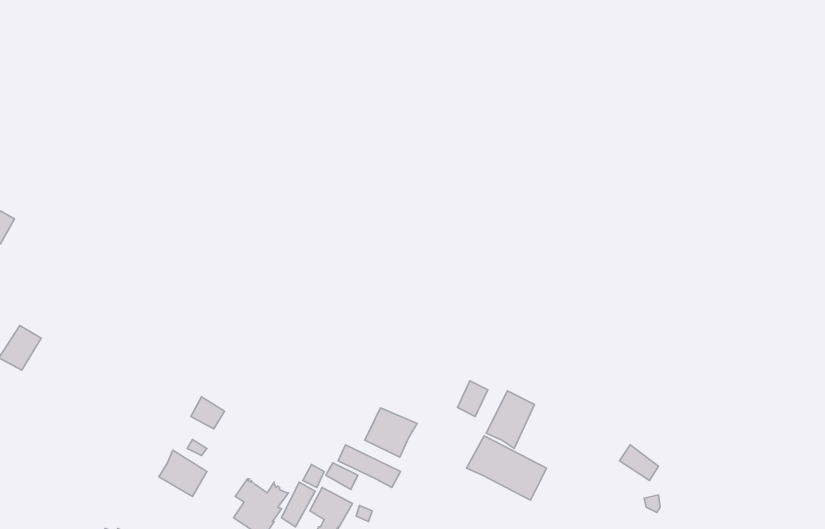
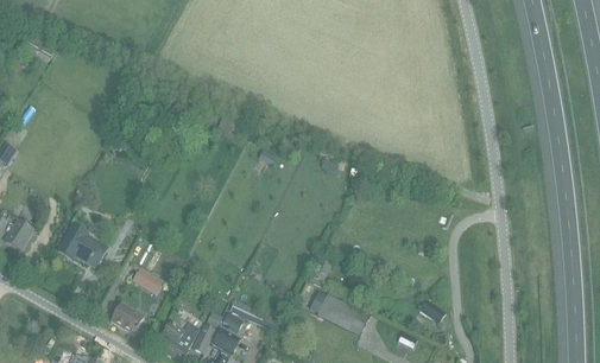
building: none -> [57,224,107,268]
building: [486,391,534,449] -> none
building: [365,408,417,457] -> none

